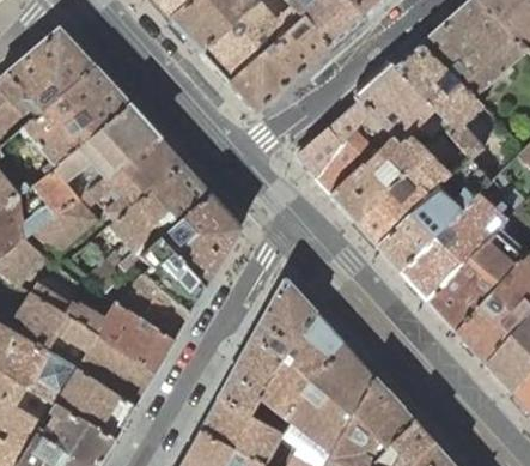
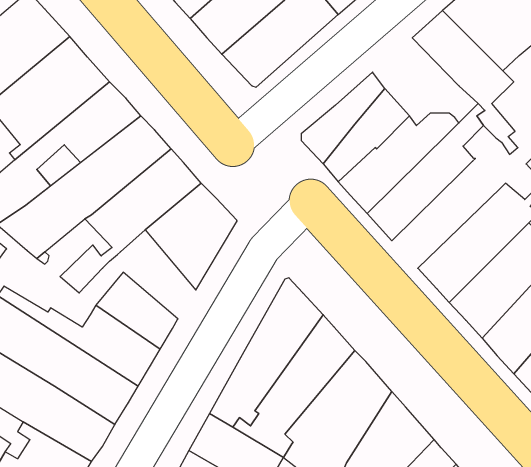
building: [359,67,451,144] -> none
building: [376,155,489,268] -> none
building: [139,235,205,313] -> none

